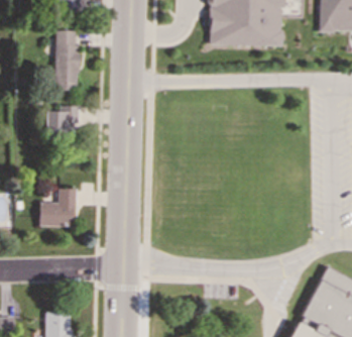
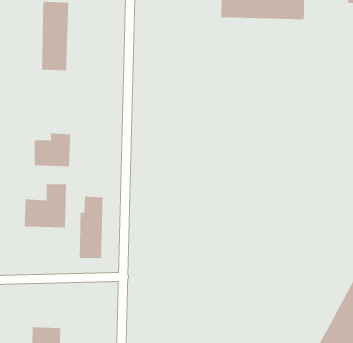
building: [45,105,78,134] -> [34,133,71,167]
building: none -> [79,196,103,259]

